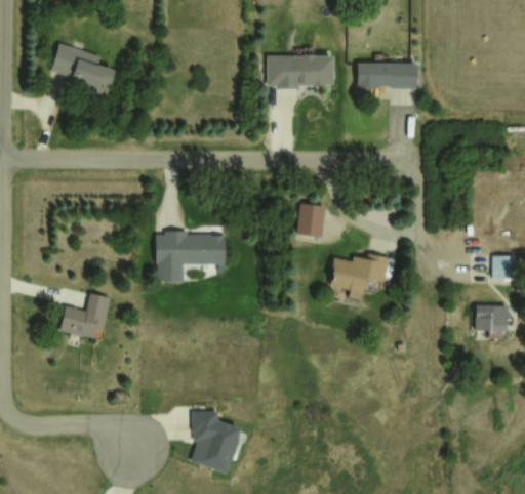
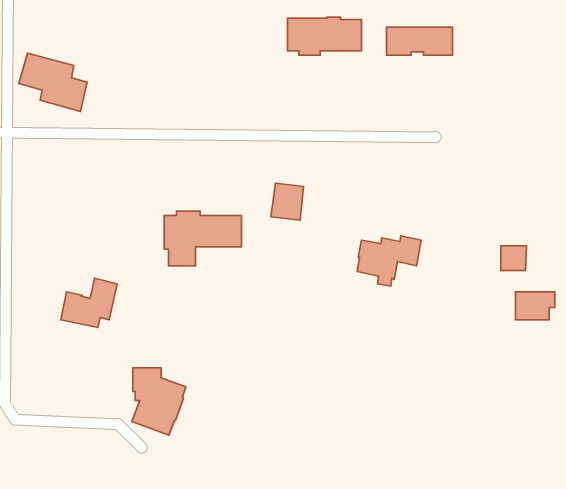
building: [50,43,113,96] -> [19,53,87,111]
building: [295,204,325,238] -> [271,183,303,220]
building: [492,256,516,279] -> [501,246,527,271]
building: [191,412,240,474] -> [132,368,186,435]

